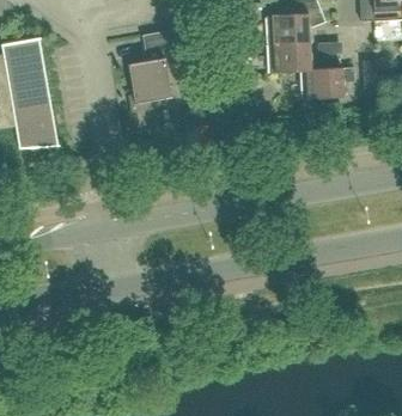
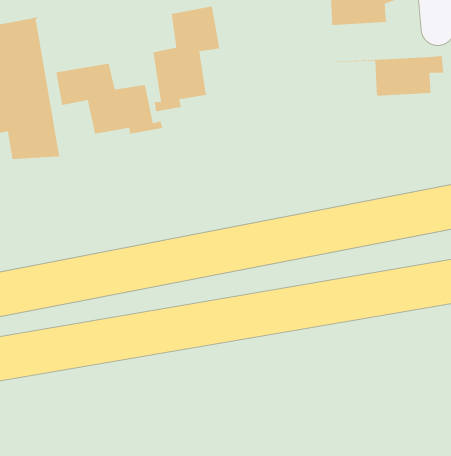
building: [267,41,342,71] -> none
building: none -> [56,63,163,135]

